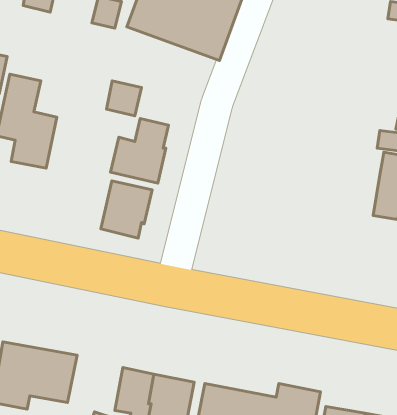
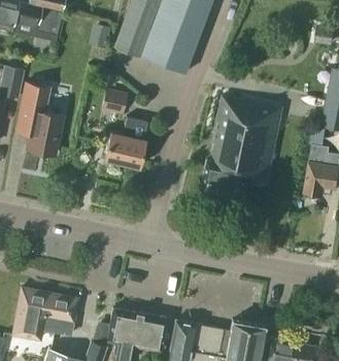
building: none -> [202,96,282,197]
building: [101,181,152,238] -> none

